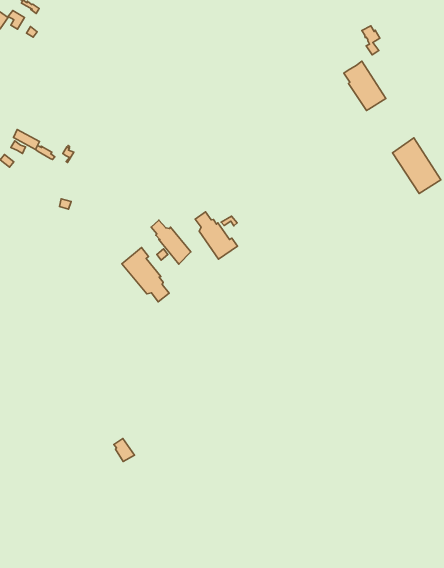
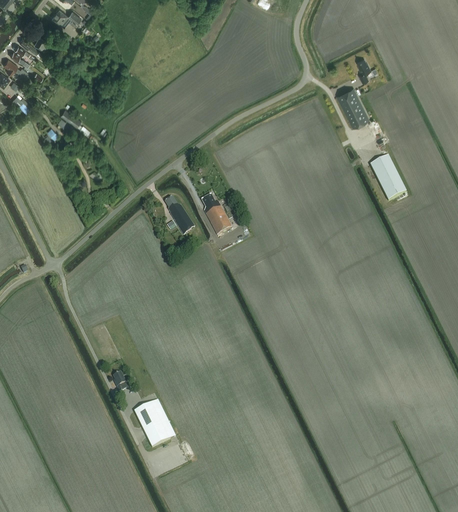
building: [122,248,169,302] -> none
building: none -> [134,399,175,446]

